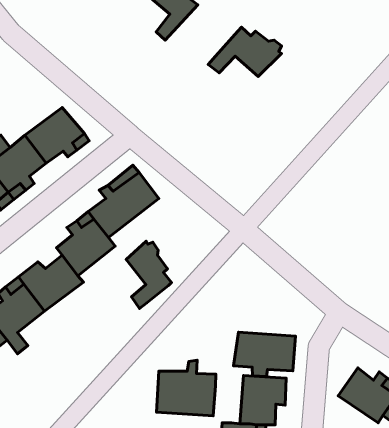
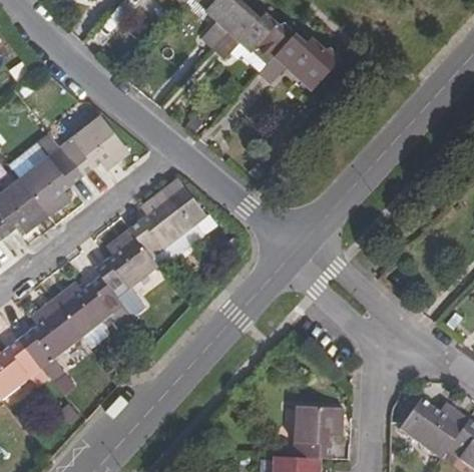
building: none -> [212,7,291,62]
building: [126,241,172,308] -> none
building: [234,332,295,377] -> none
building: [157,360,216,416] -> none

